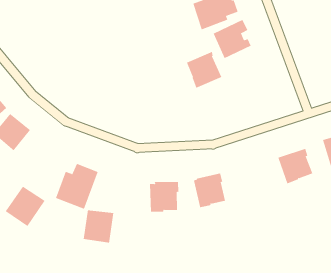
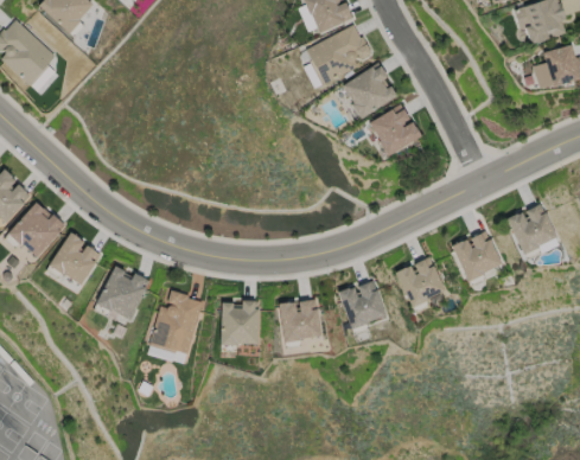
building: [186,51,222,89] -> [367,104,419,159]
building: none -> [393,256,445,311]
building: [5,186,46,227] -> [96,264,151,320]
building: [83,210,114,243] -> [221,301,260,344]

